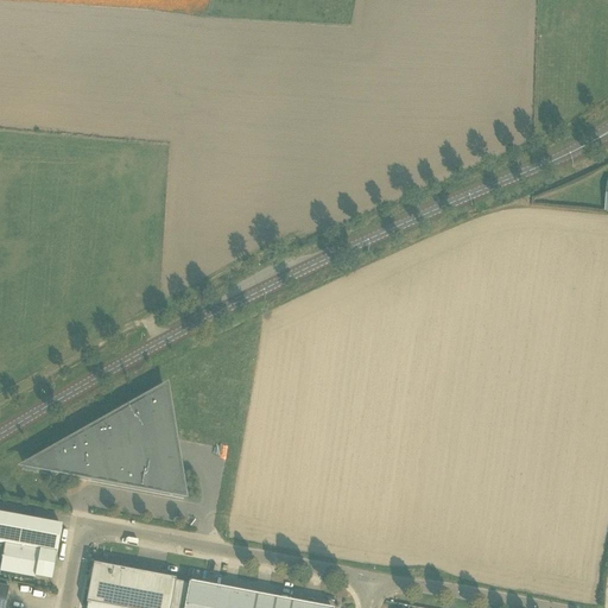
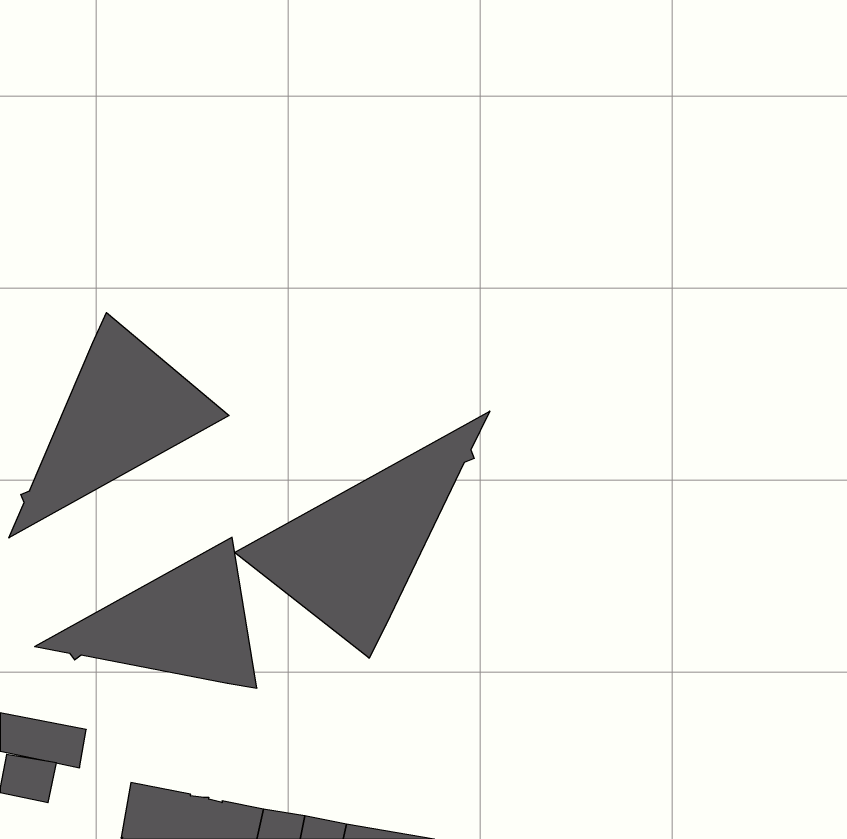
building: none -> [9,313,229,538]
building: none -> [235,411,490,658]

